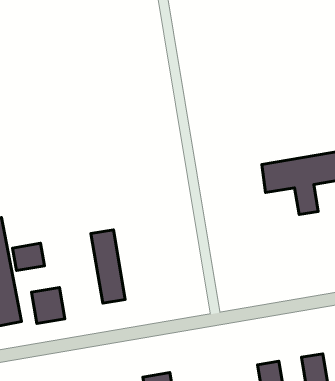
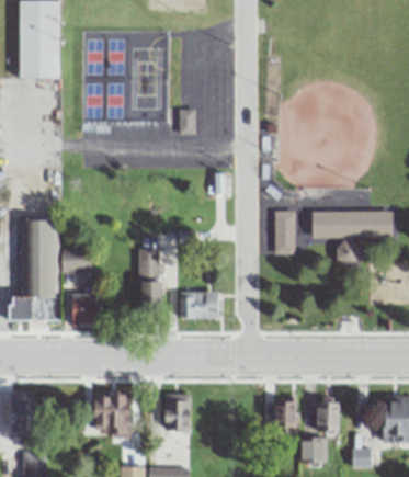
building: none -> [274,212,294,254]
building: none -> [180,292,219,319]

